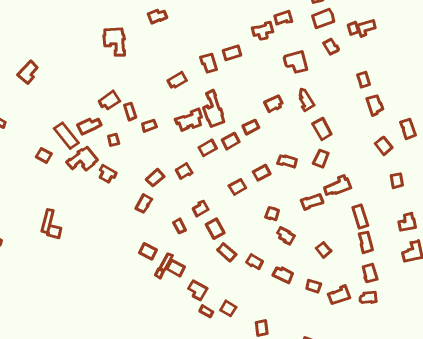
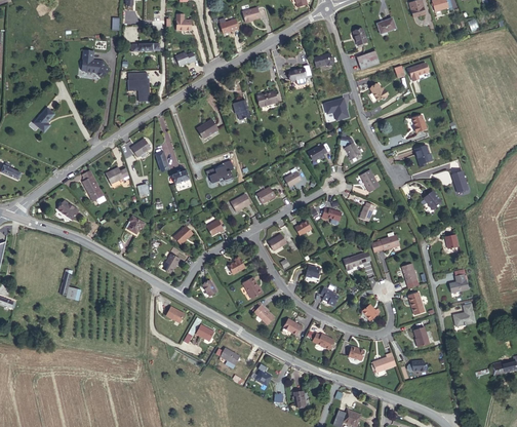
building: none -> [82,49,111,77]
building: [204,90,224,126] -> none
building: [67,147,97,170] -> none

